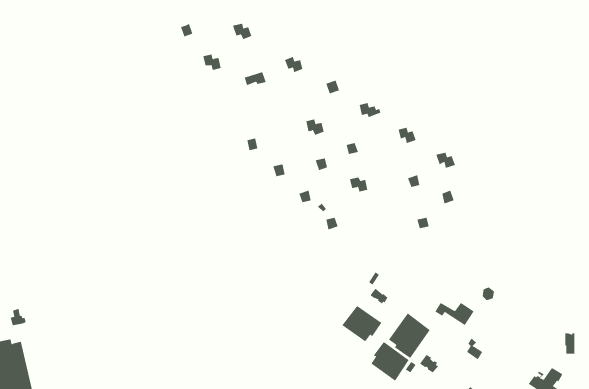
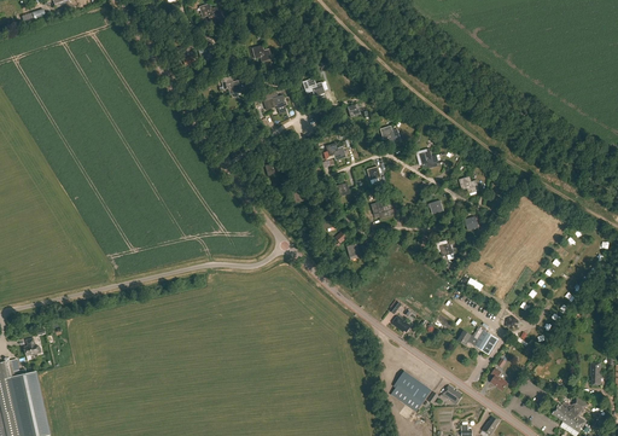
building: [342,305,382,342] -> none
building: [388,312,431,359] -> none

